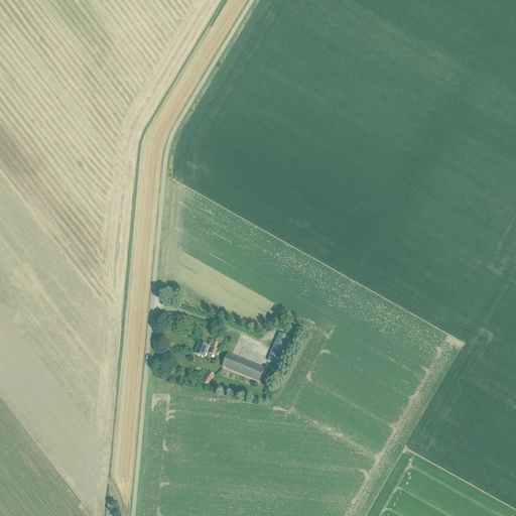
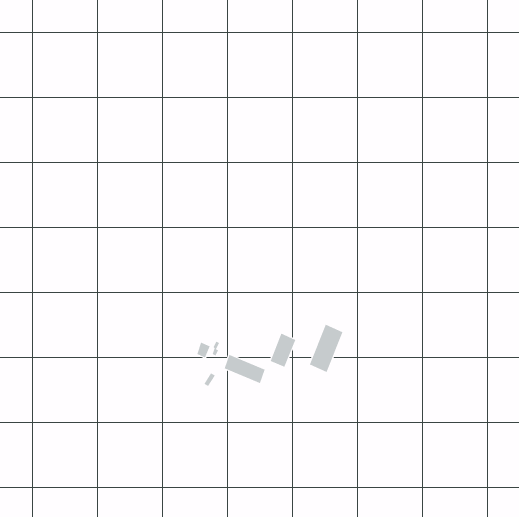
building: none -> [309,324,343,373]

